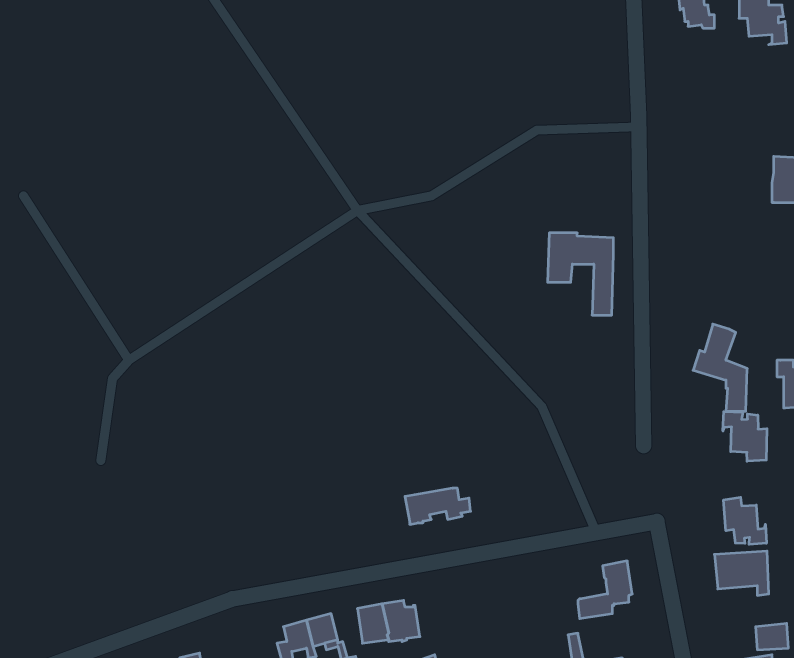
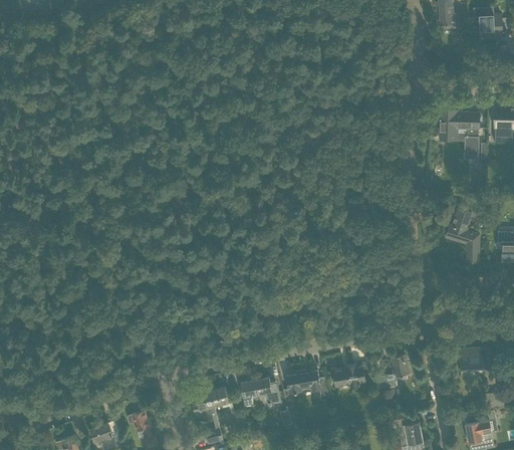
building: [548,233,613,315] -> [439,109,479,160]
building: [723,412,767,461] -> none
building: [405,488,471,524] -> [286,371,326,393]
building: [724,497,766,544] -> none
building: none -> [333,365,365,388]

